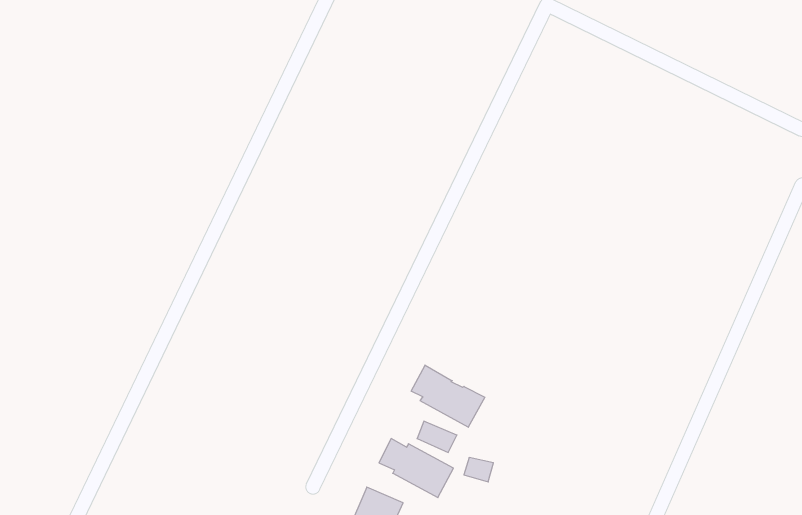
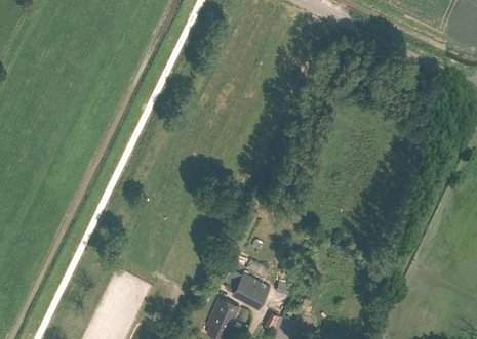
building: [411,365,485,427] -> none

